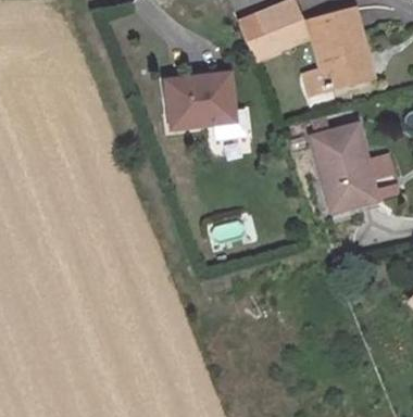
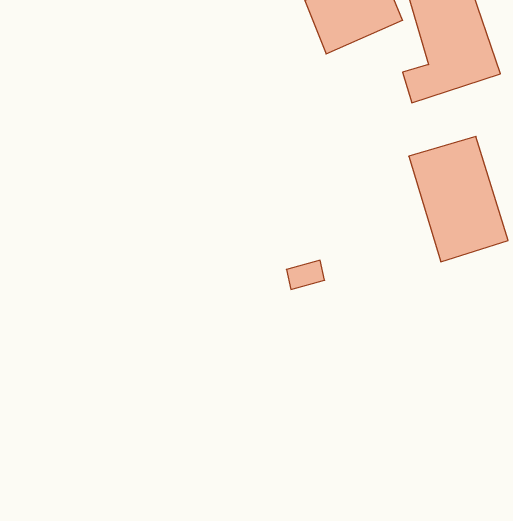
building: [168,76,253,142] -> none

